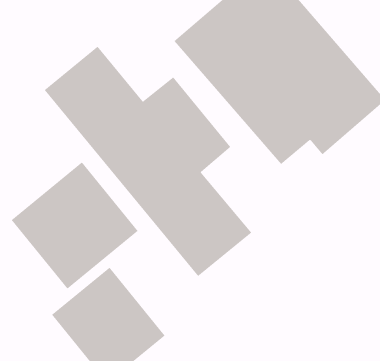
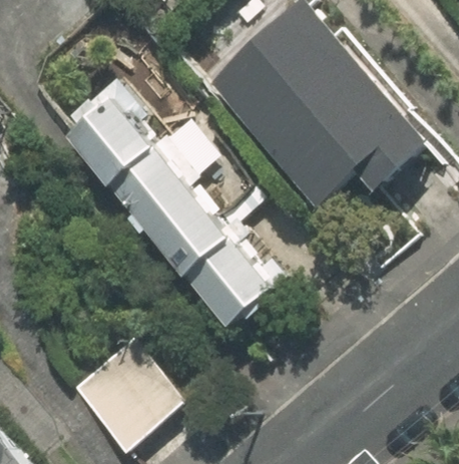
building: [11,162,139,289] -> none

